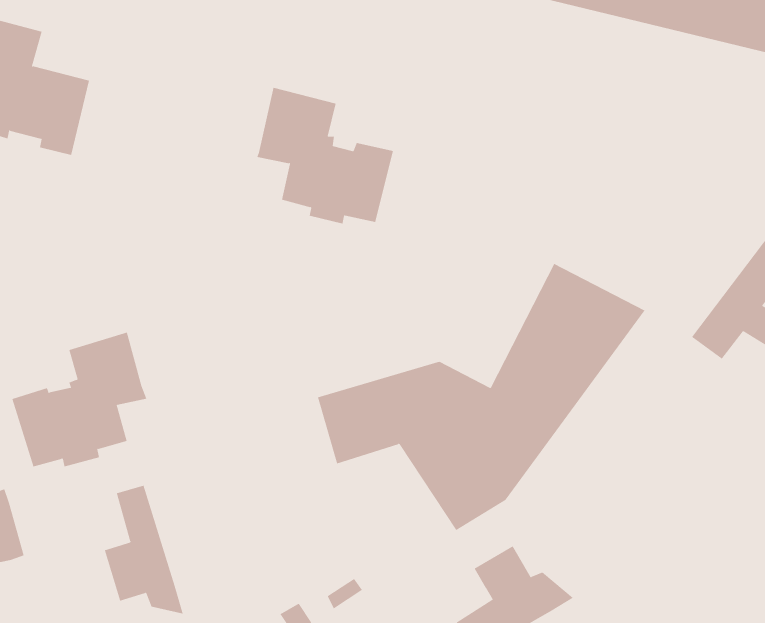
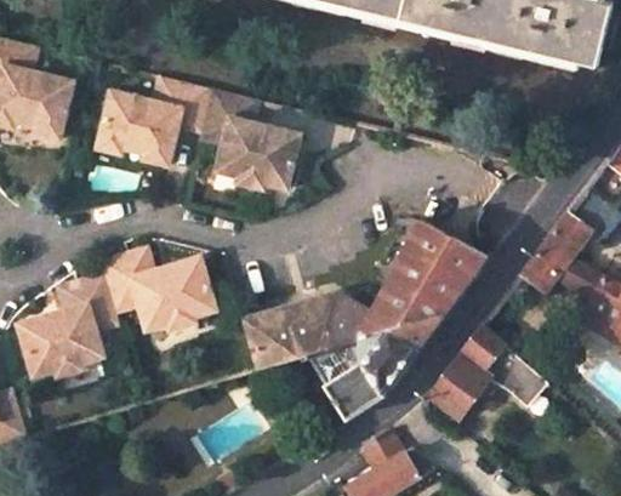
building: none -> [93,76,210,167]
building: none -> [98,244,215,327]
building: none -> [428,326,542,417]
building: [104,485,183,614] -> none

